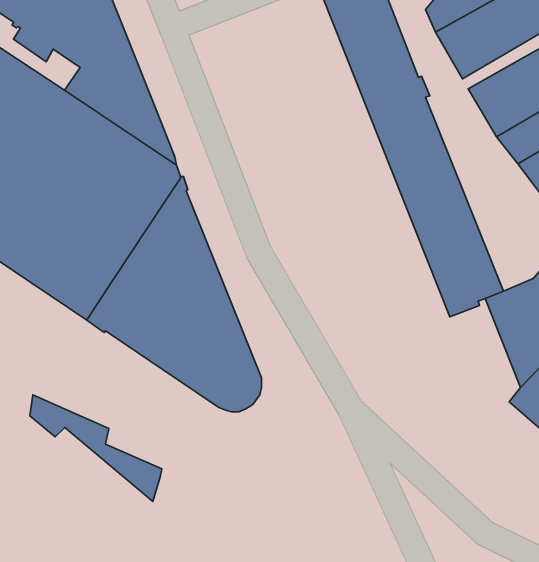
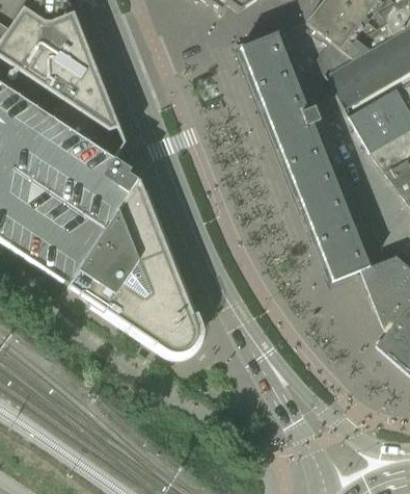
building: [30,395,162,502] -> none

